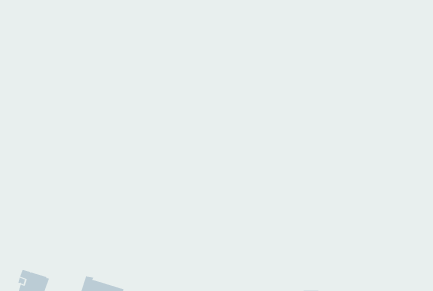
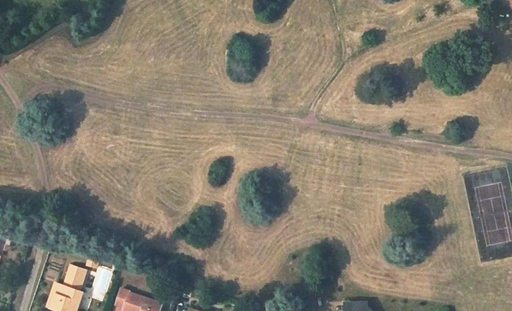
building: none -> [63,265,87,290]

